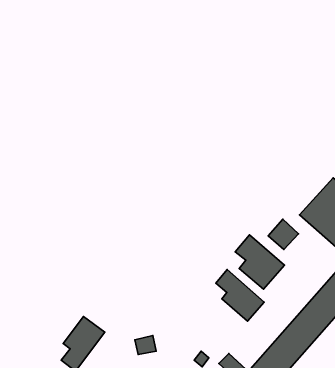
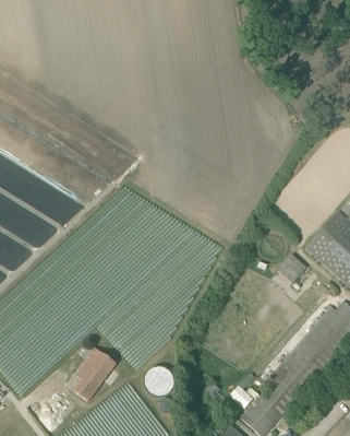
building: [235,235,285,289] -> none
building: [216,270,264,321] -> none

